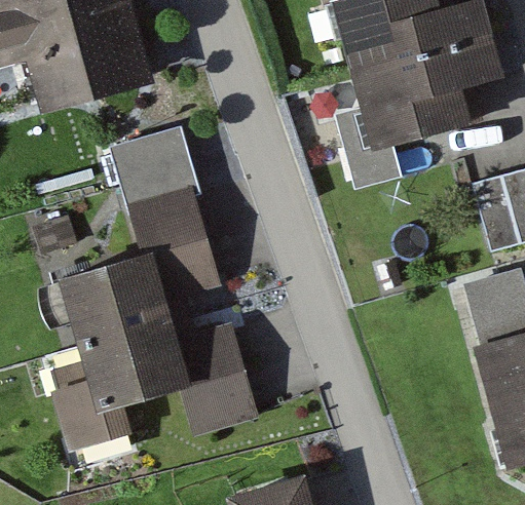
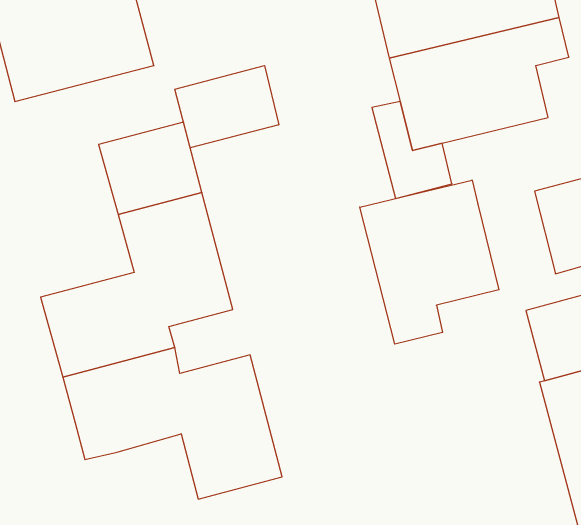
building: none -> [175,66,279,148]
building: none -> [360,180,499,344]
building: [51,378,133,451] -> none

